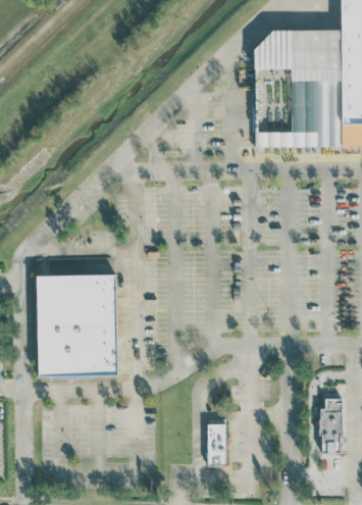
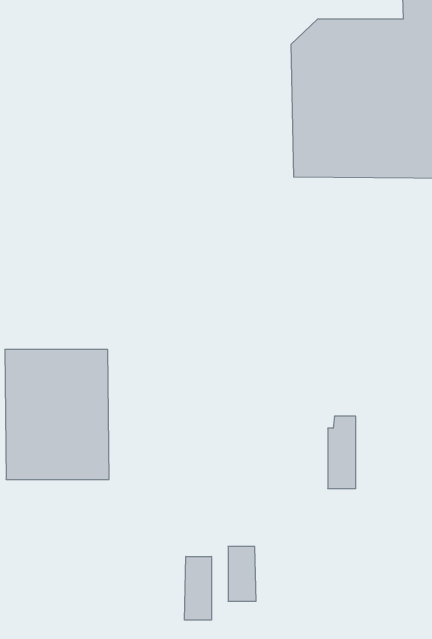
building: [322,387,344,442] -> [328,416,356,489]
building: none -> [185,556,211,620]

